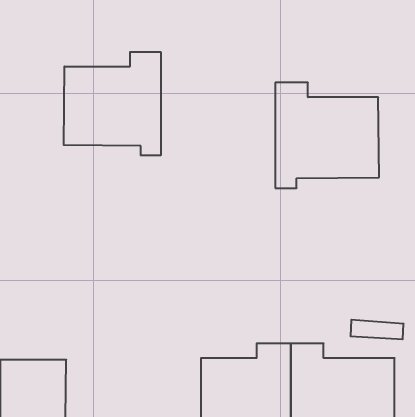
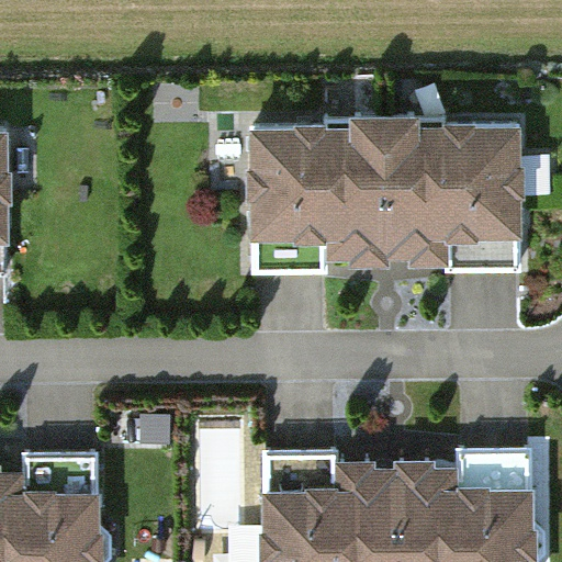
building: [64,52,161,155] -> none
building: none -> [252,112,373,254]

